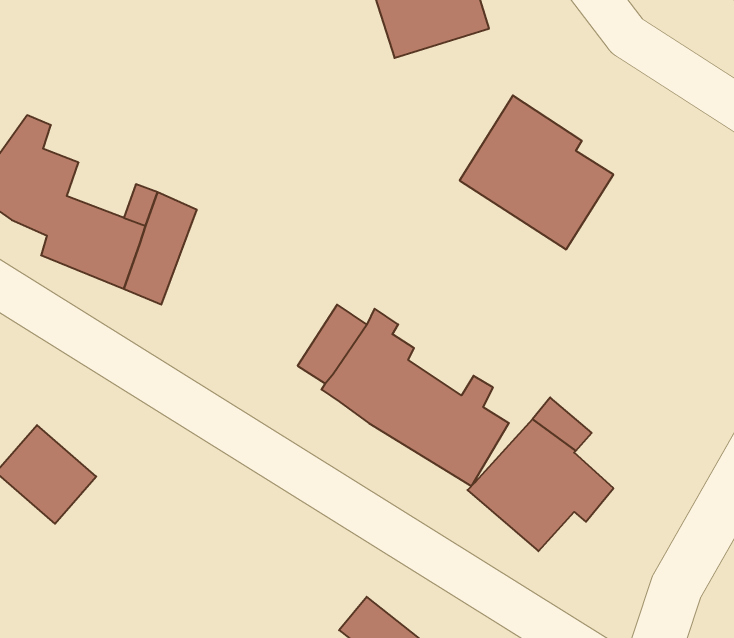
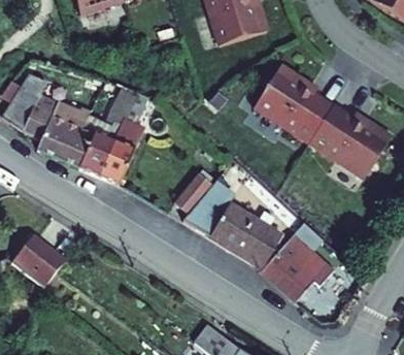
building: none -> [99,89,142,180]
building: none -> [310,104,394,179]

